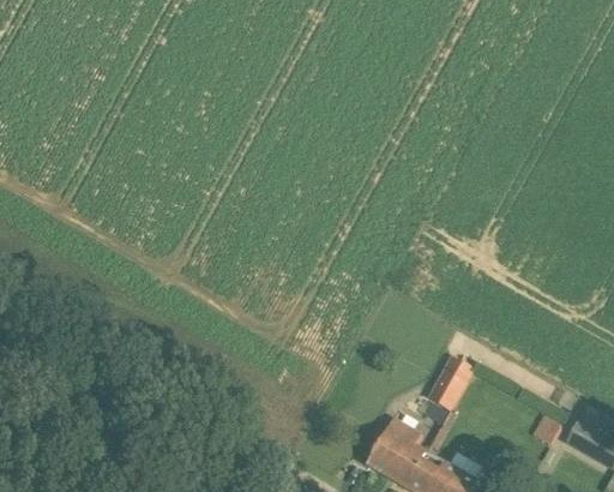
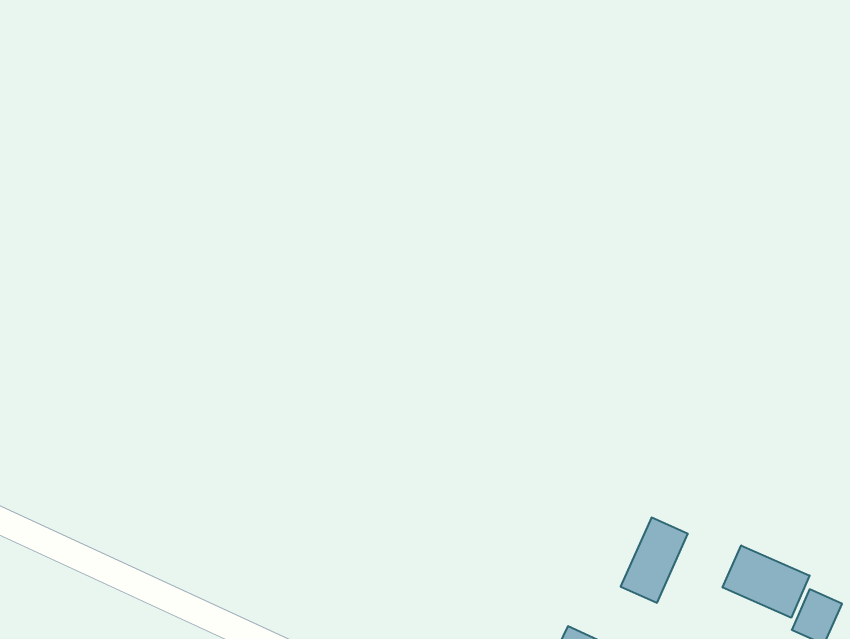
building: none -> [723,545,810,618]

